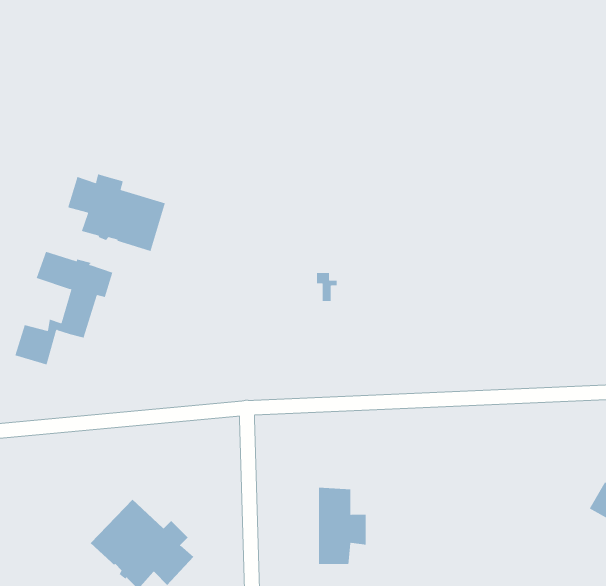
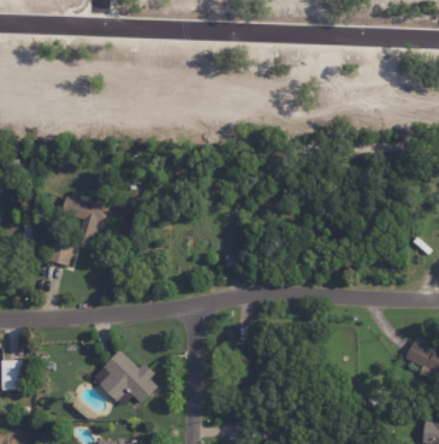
building: [67,174,165,252] -> none

